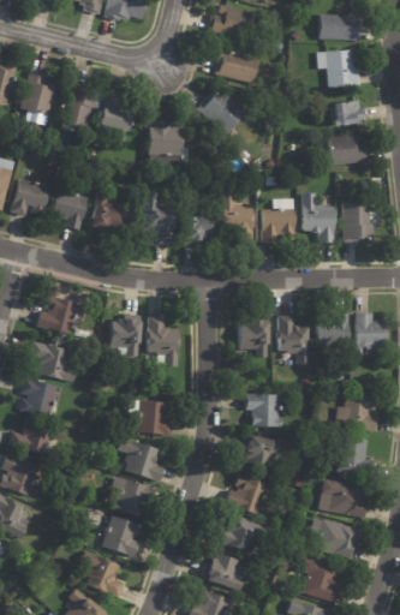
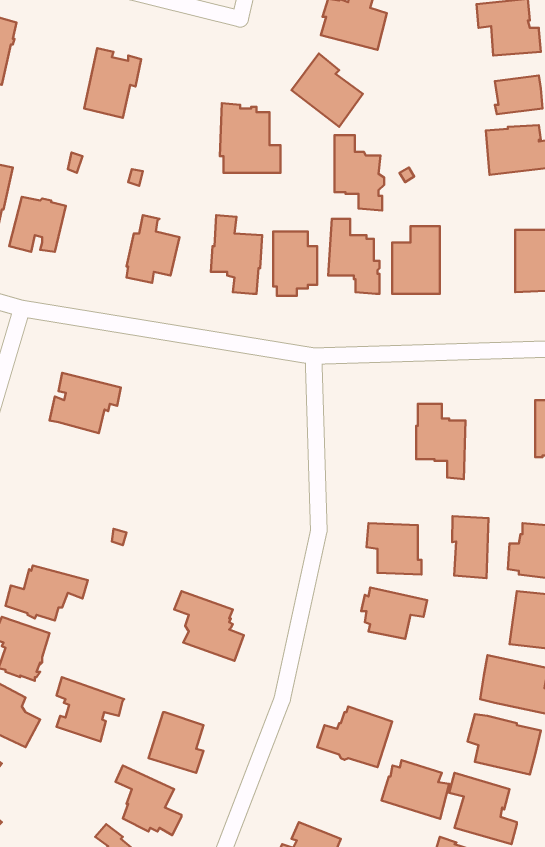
building: [20,70,55,113] -> none
building: [95,97,131,139] -> none
building: [49,180,91,228] -> none
building: [303,192,335,241] -> [335,135,384,210]
building: [316,312,348,345] -> none
building: [108,314,138,356] -> none
building: [145,315,178,365] -> none
building: [241,315,269,357] -> none
building: [29,341,76,382] -> none
building: [19,377,56,417] -> none
building: none -> [452,516,489,578]
building: [129,399,172,435] -> none
building: [222,473,267,514] -> none
building: [111,476,155,518] -> [56,677,124,741]
building: [203,553,247,591] -> [381,760,449,819]

